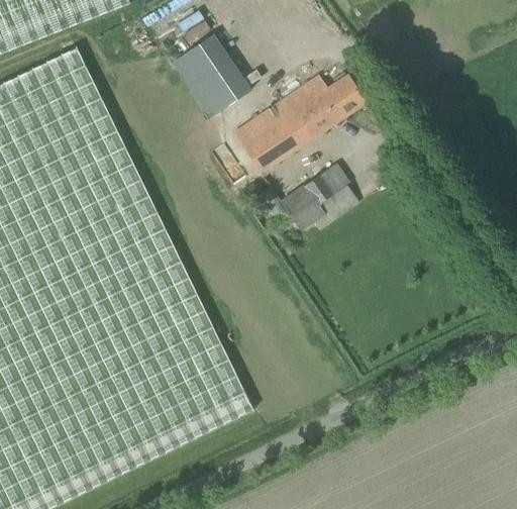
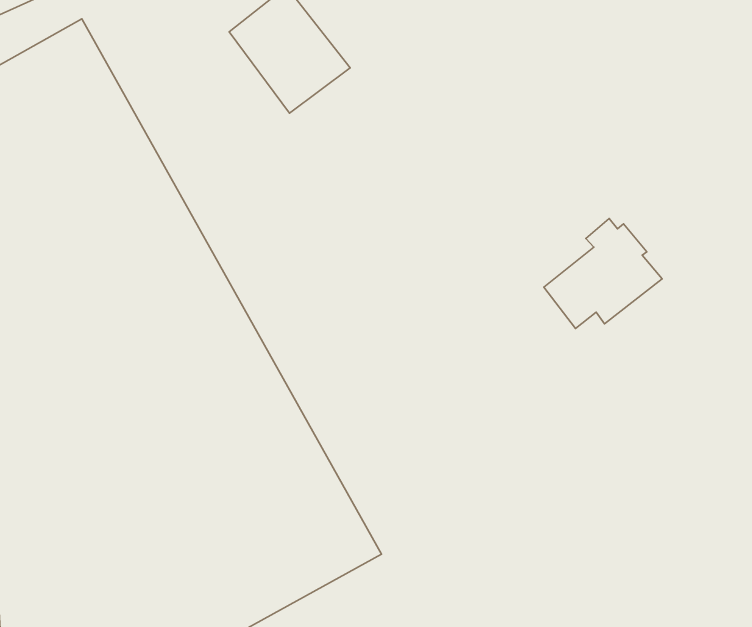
building: [233,74,367,173] -> none
building: [281,160,358,230] -> [544,219,662,329]

